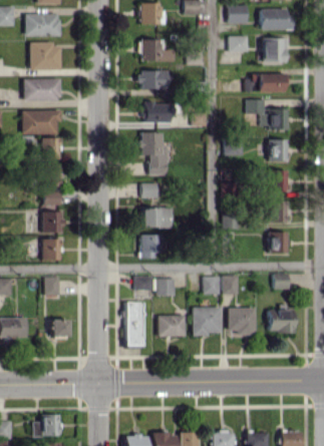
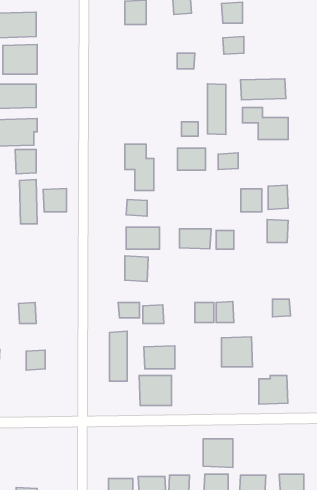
building: [261,8,291,29] -> none
building: [263,37,287,63] -> none
building: [139,39,173,60] -> none
building: [139,69,168,88] -> none
building: none -> [208,84,226,134]
building: [144,102,170,122] -> [178,148,205,170]
building: [269,139,288,160] -> [241,189,262,212]
building: none -> [179,229,211,249]
building: [42,210,63,232] -> [43,188,67,212]
building: [269,232,288,253] -> none
building: [42,239,61,260] -> none
building: [192,307,221,334] -> [139,376,171,406]
building: [269,307,295,333] -> [259,375,288,404]
building: none -> [203,439,233,468]
building: [33,414,60,436] -> none

